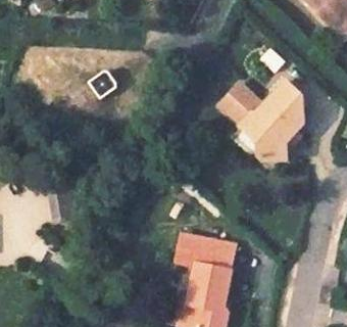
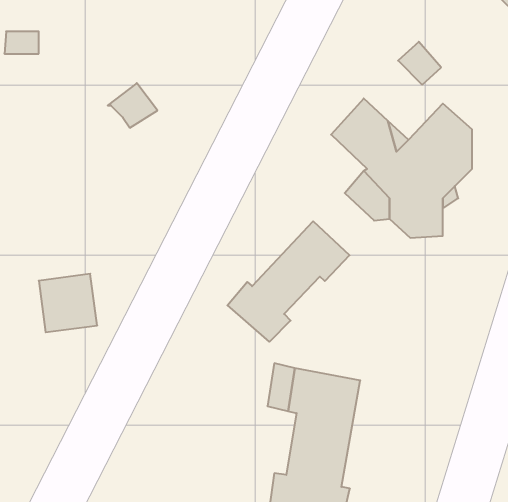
building: none -> [227,221,350,342]

